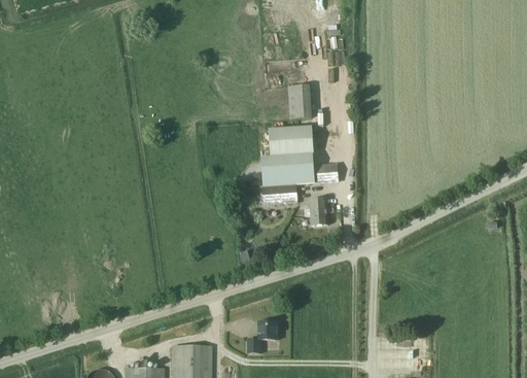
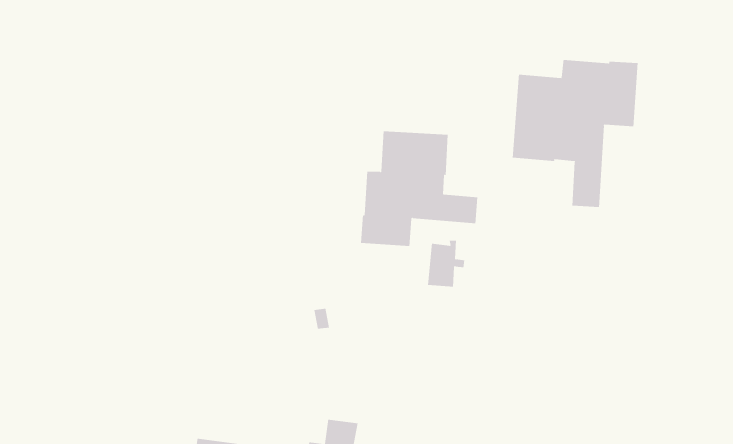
building: none -> [512,59,638,208]
building: [287,83,312,118] -> none

